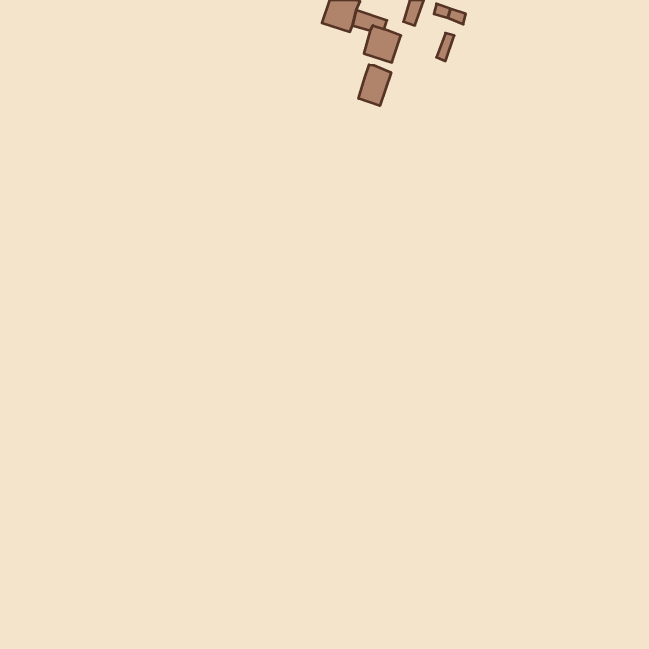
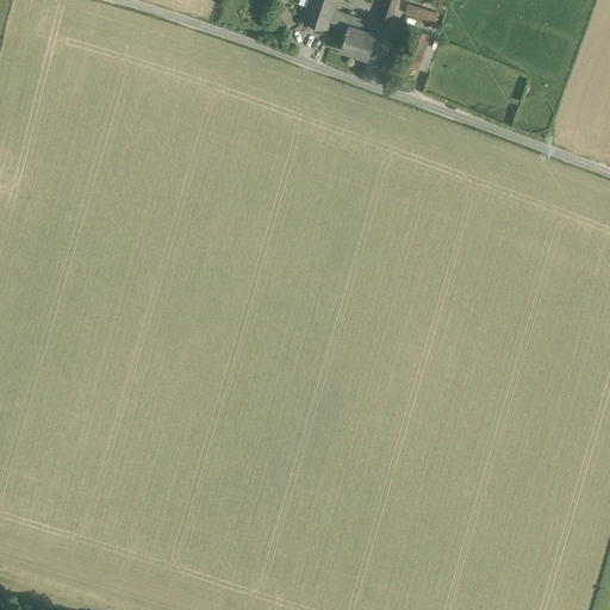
building: [359,65,391,106] -> none

